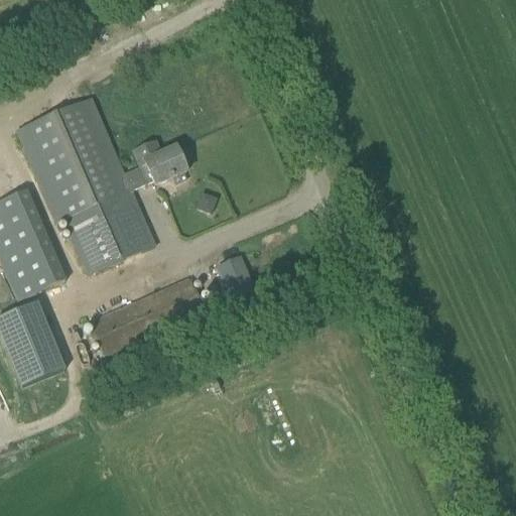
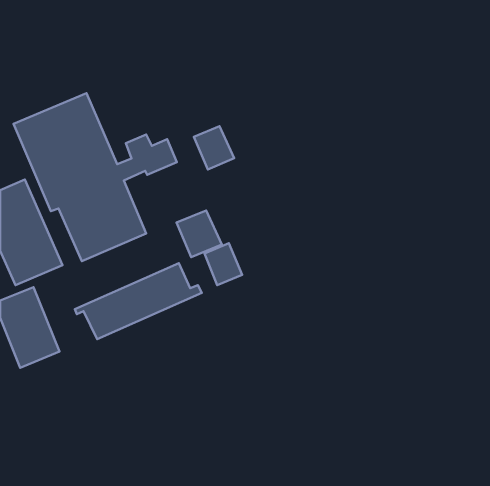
building: none -> [194,126,234,169]
building: none -> [176,210,222,257]

